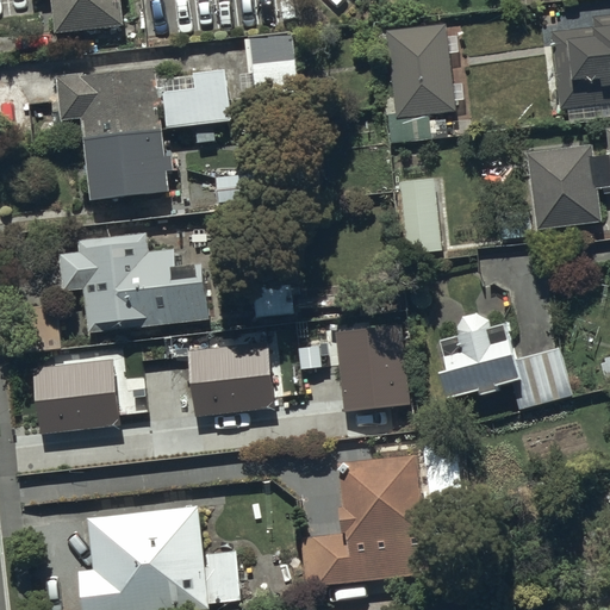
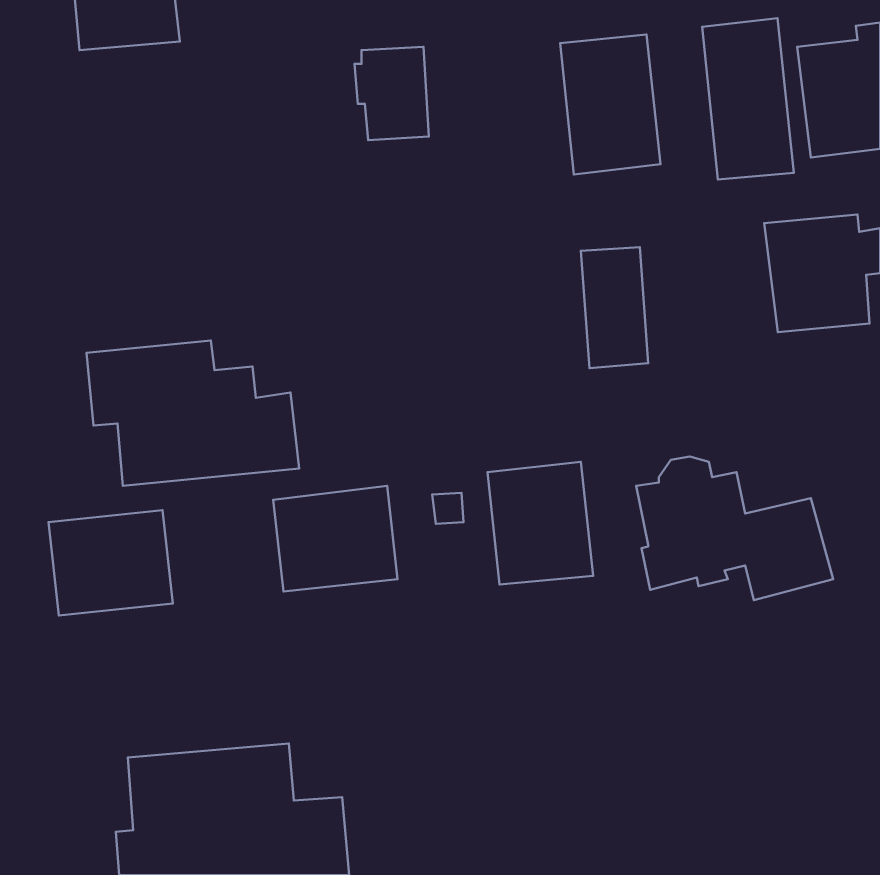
building: none -> [702,18,794,179]
building: [57,69,229,203] -> none
building: [307,467,428,589] -> none

